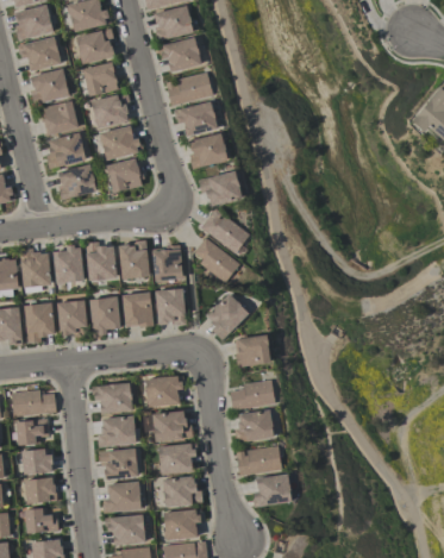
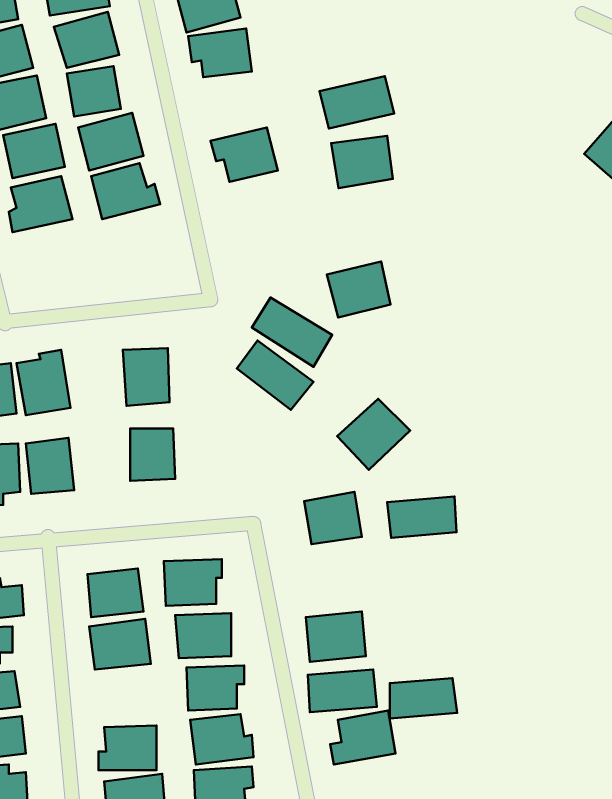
building: [165,71,213,105] -> [319,76,394,129]
building: [188,133,227,167] -> [331,136,393,188]
building: [106,156,144,193] -> none
building: [56,163,98,199] -> none
building: [201,170,242,206] -> [327,262,390,318]
building: [87,243,117,280] -> none
building: [152,246,182,281] -> none
building: [156,289,185,325] -> none
building: [204,293,250,338] -> [337,399,410,470]
building: [89,296,121,332] -> none
building: [230,382,274,408] -> [387,497,456,538]
building: [99,449,137,478] -> none
building: none -> [390,678,457,719]

